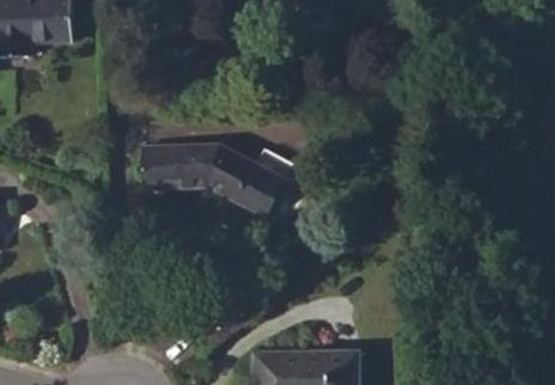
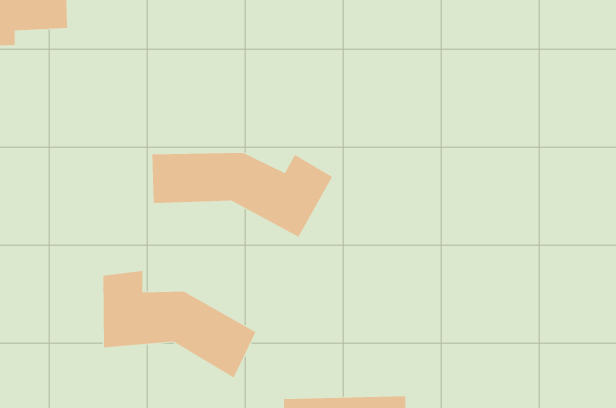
building: none -> [103,270,256,379]

